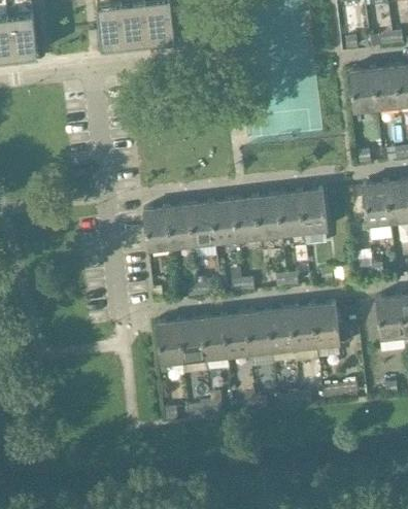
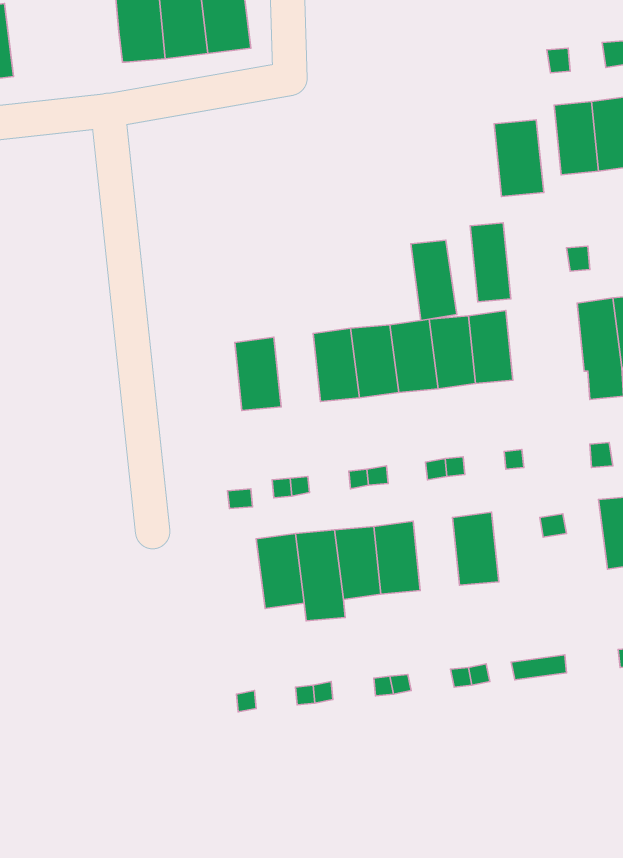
building: none -> [494,120,544,196]
building: none -> [470,223,511,302]
building: none -> [411,240,457,320]
building: [188,204,214,246] -> none
building: [143,209,169,251] -> none
building: [313,305,339,347] -> none
building: [268,310,295,352] -> none
building: [156,323,182,365] -> none

